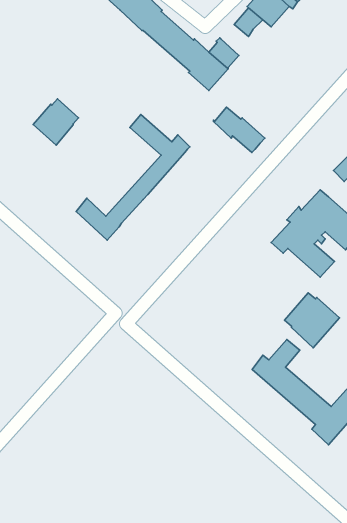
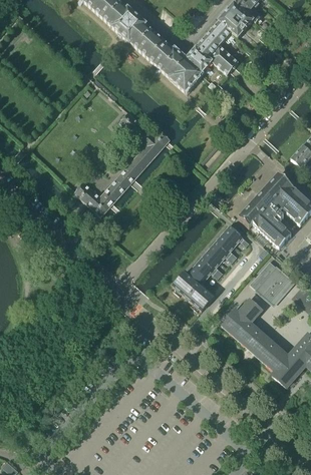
building: [33,99,79,145] -> none
building: [213,107,265,153] -> [196,36,239,74]
building: none -> [172,225,249,311]

